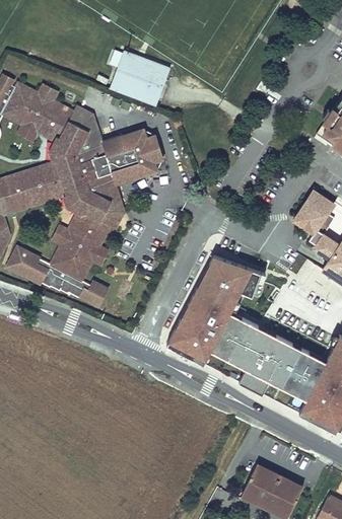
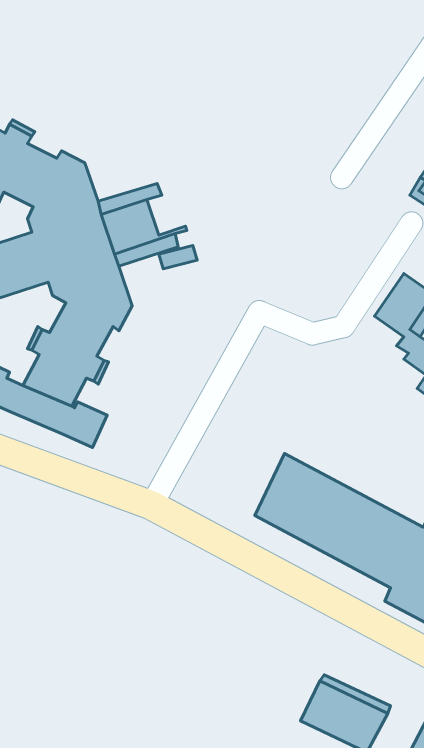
building: [110,51,169,105] -> none
building: [136,132,162,162] -> none
building: [168,255,266,363] -> none

